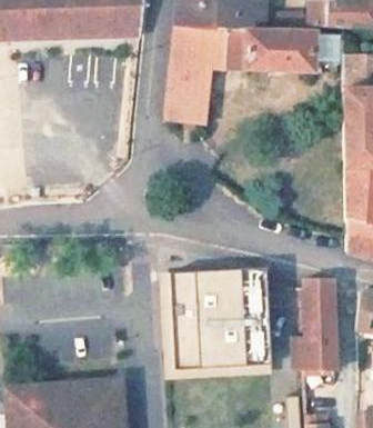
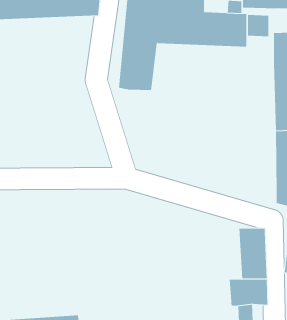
building: [169,268,272,371] -> none

